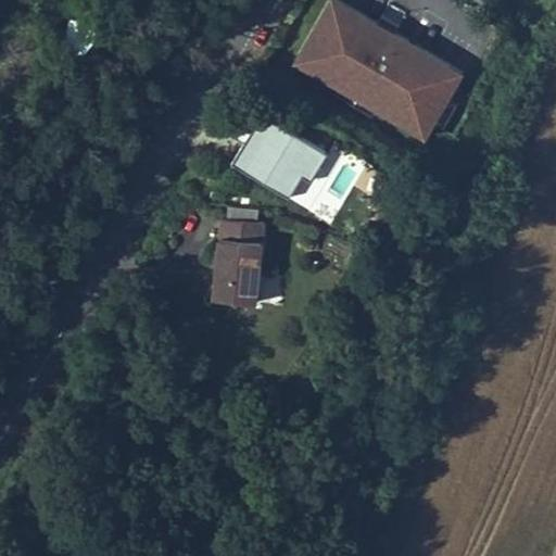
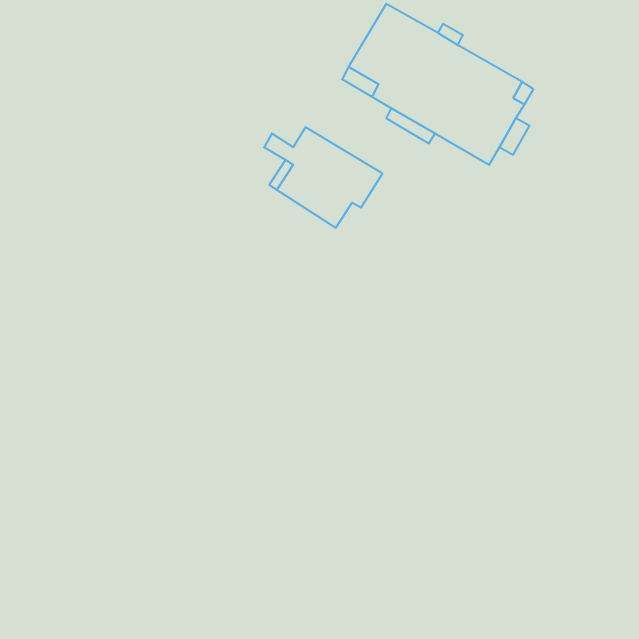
building: [216,214,264,298] -> none

